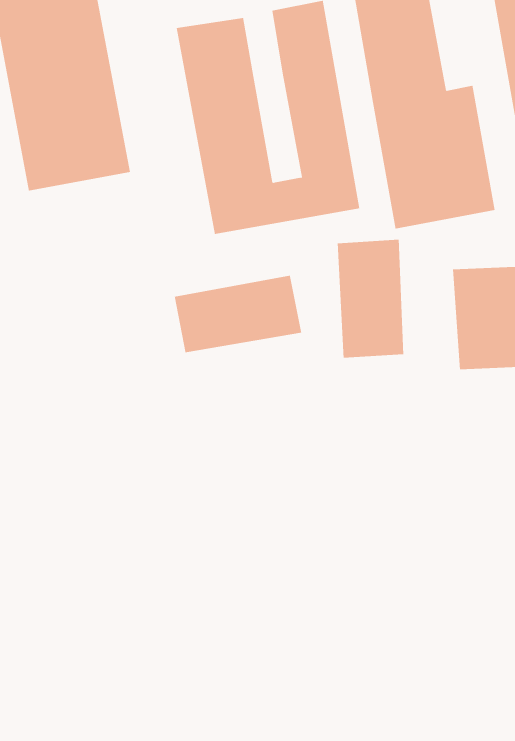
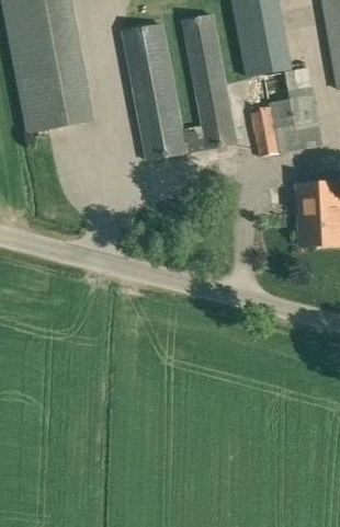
building: [337,239,404,359] -> none
building: [174,275,302,353] -> none

